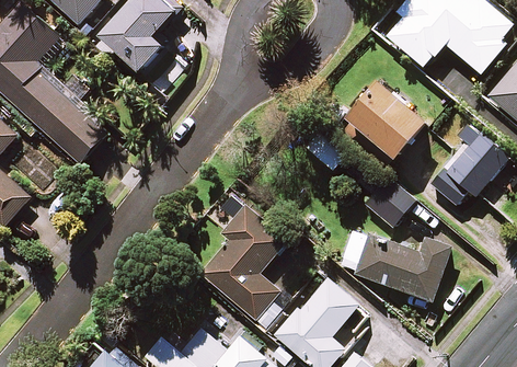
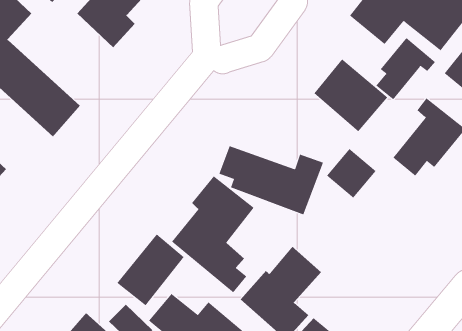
building: none -> [375,37,436,100]
building: [342,229,451,301] -> [219,146,324,215]
building: none -> [117,233,185,306]

